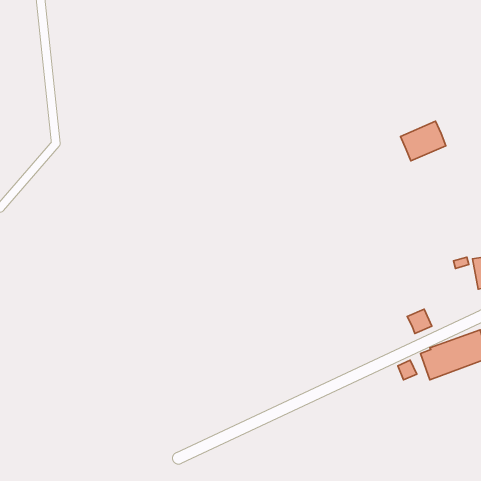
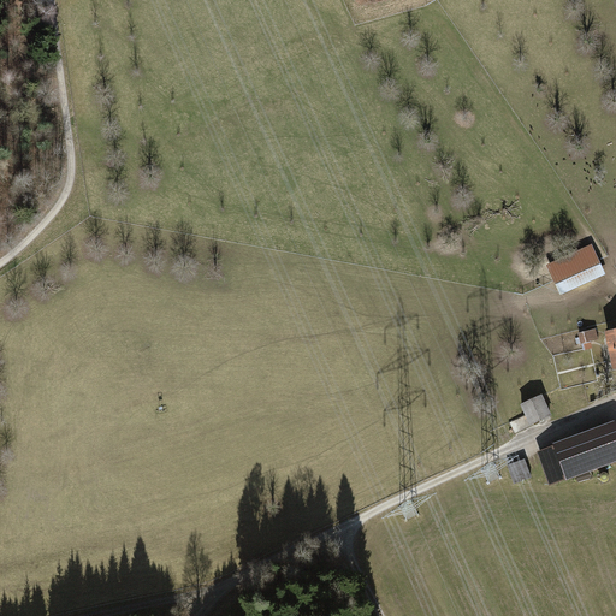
building: [401,121,446,161] -> [547,243,605,294]

